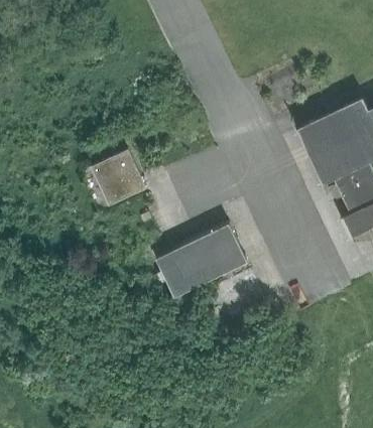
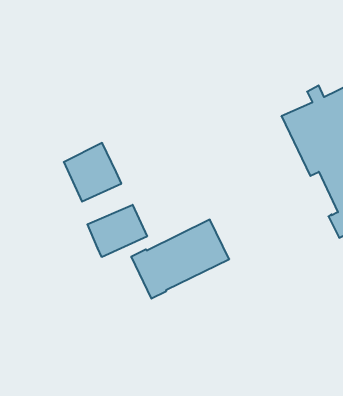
building: none -> [87,205,147,257]

